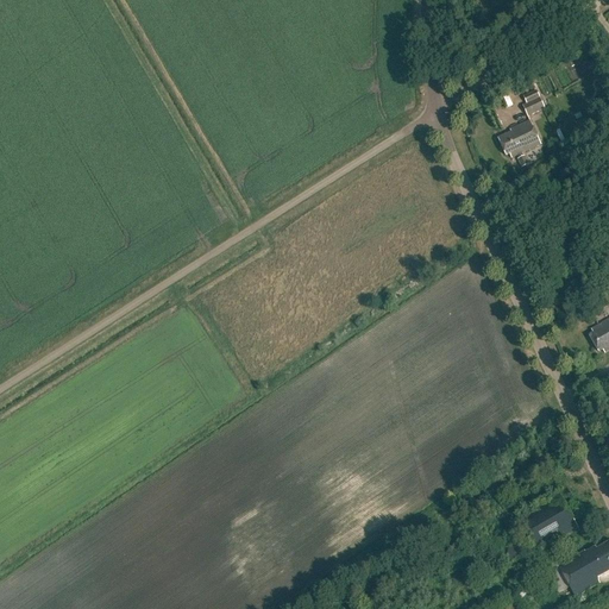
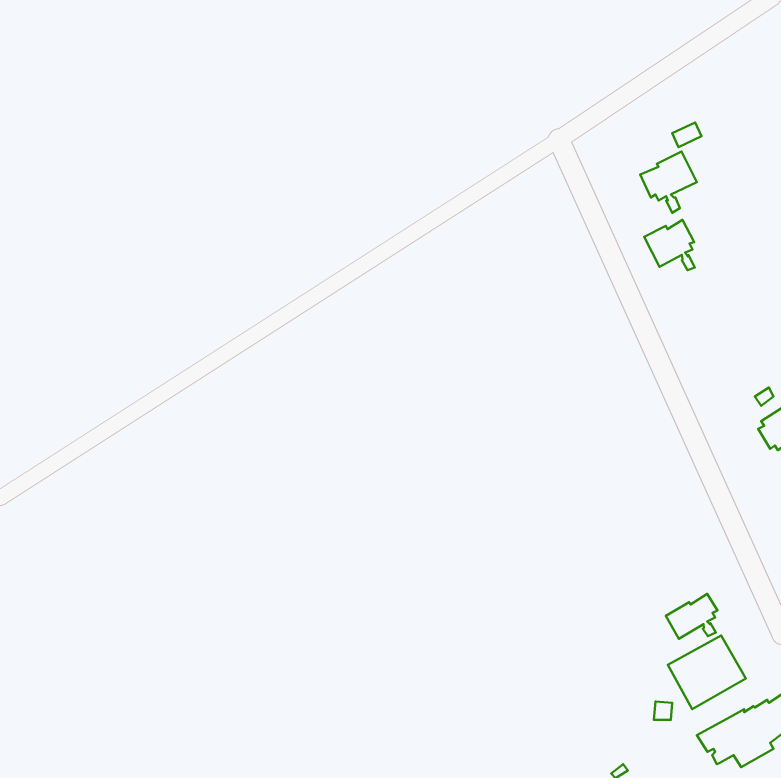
building: none -> [644,220,695,270]
building: none -> [666,594,718,639]

